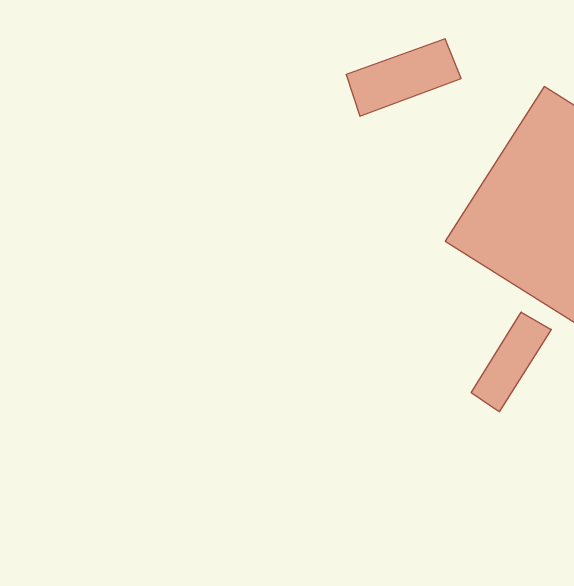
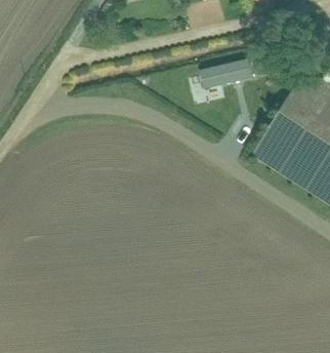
building: [471,312,551,412] -> none

